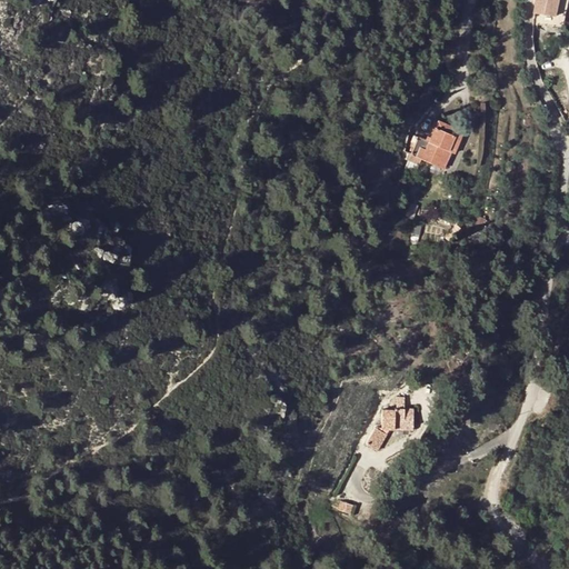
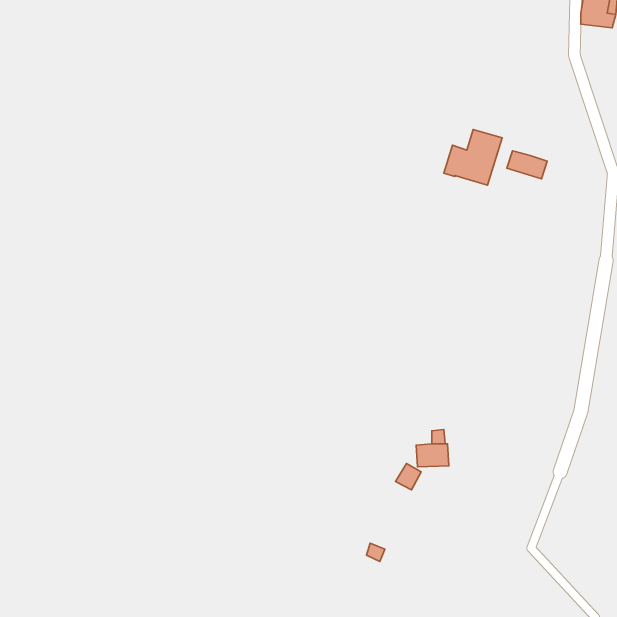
building: none -> [507,151,547,179]

